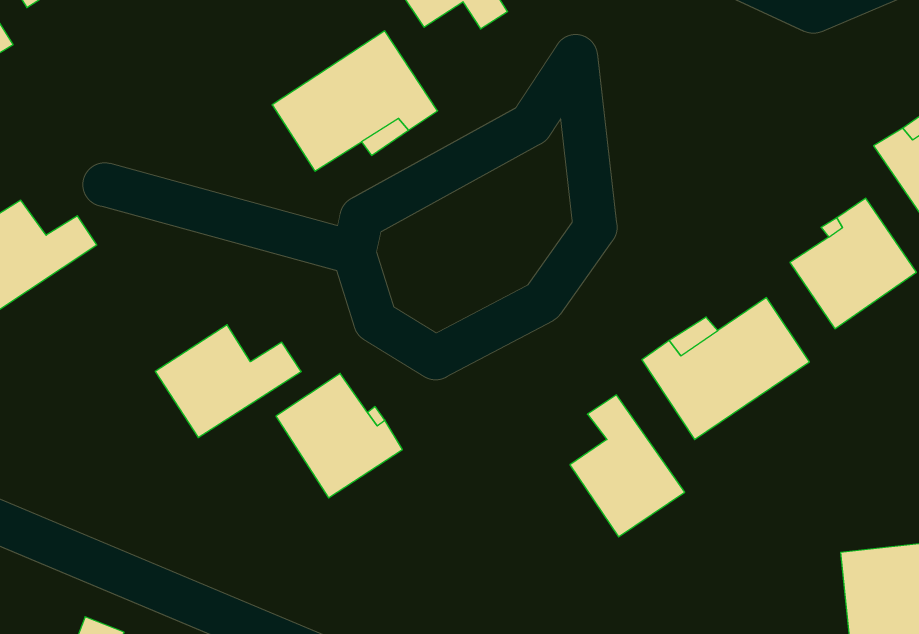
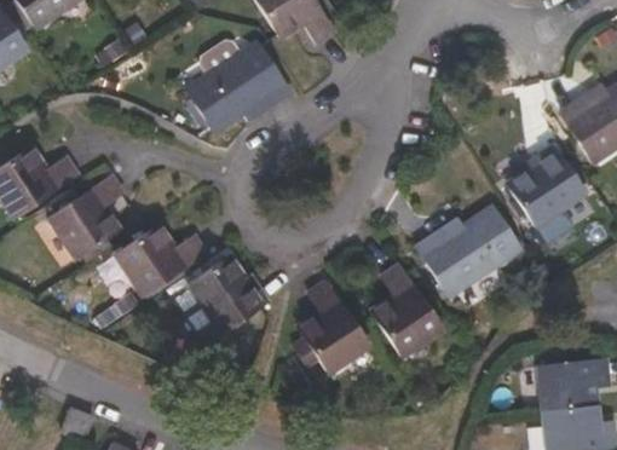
building: none -> [48,175,123,258]
building: none -> [293,281,370,373]

